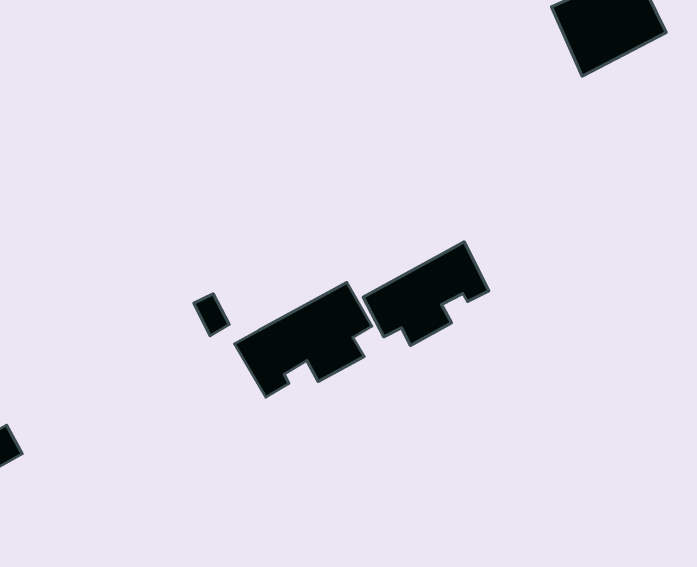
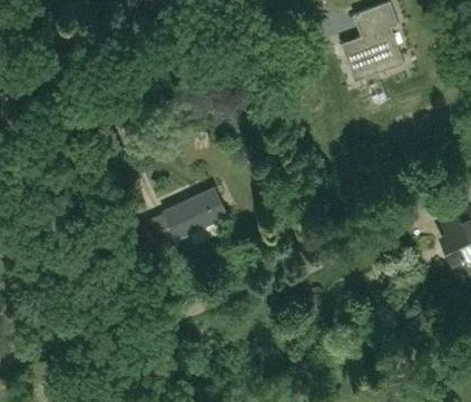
building: [363,242,489,345] -> none

